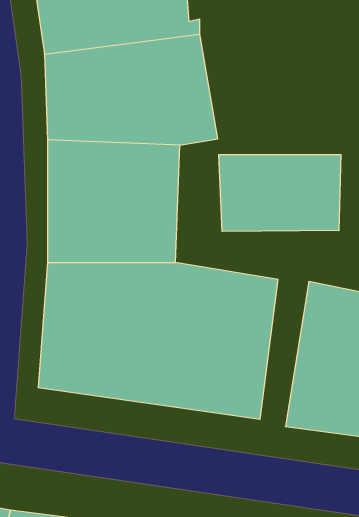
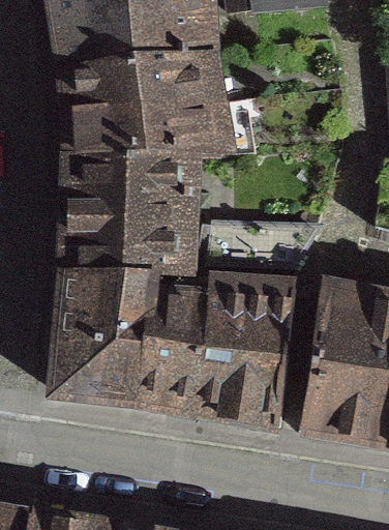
building: [219,155,341,231] -> none

